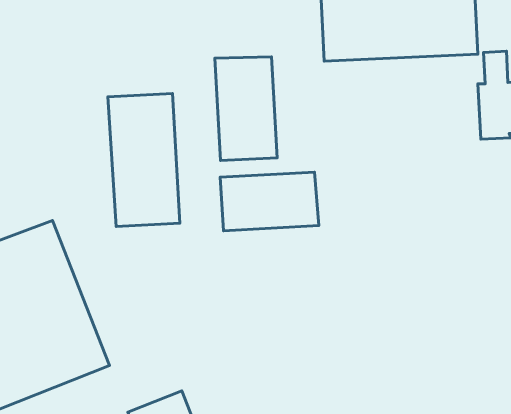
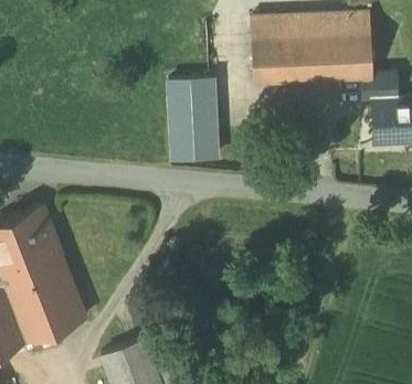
building: [108,94,180,226] -> none
building: [220,172,319,231] -> none

